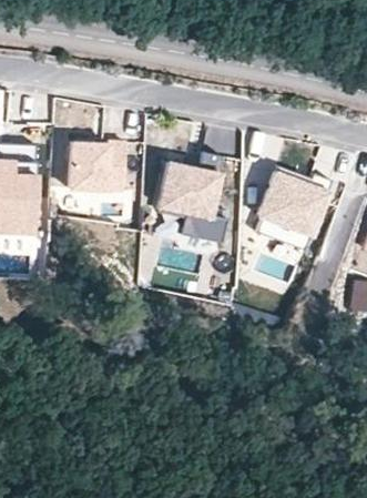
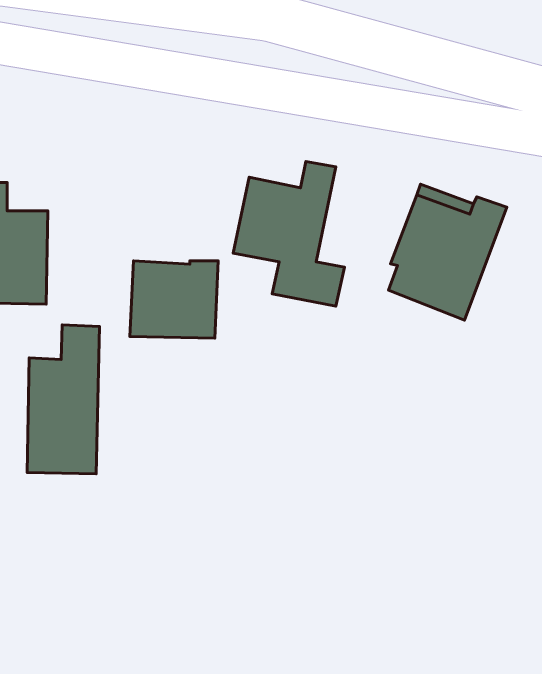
building: [70,141,125,190] -> [130,261,218,338]
building: none -> [27,325,99,474]

